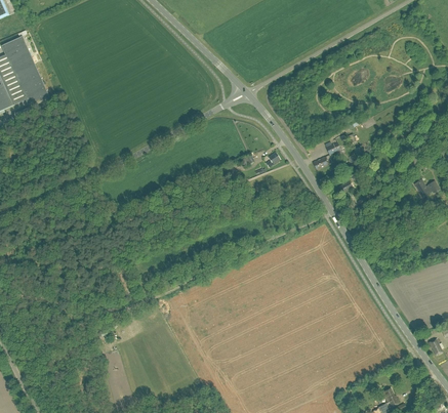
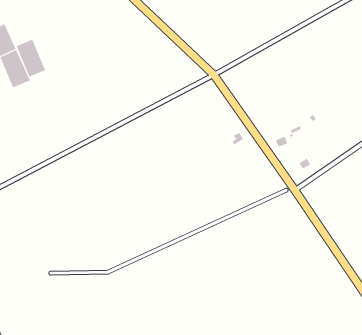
building: none -> [16,39,46,77]

